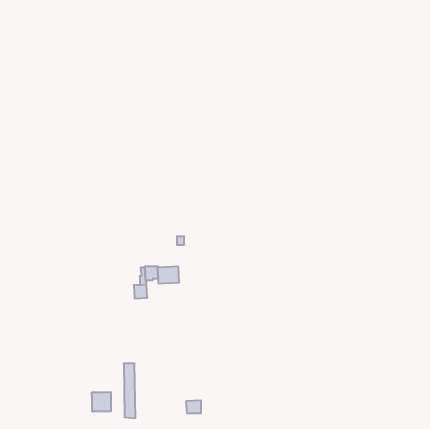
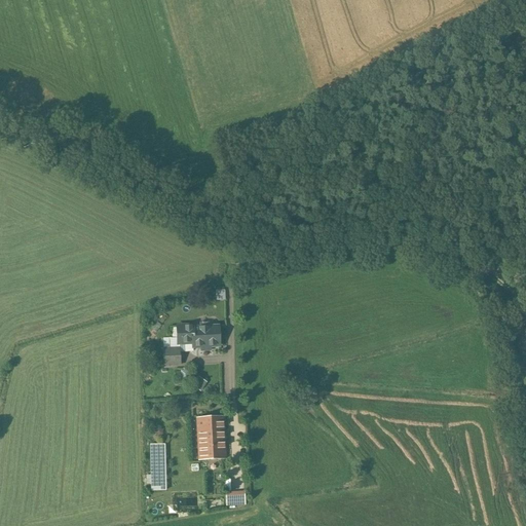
building: none -> [197,415,225,459]
building: [92,392,111,412] -> none

